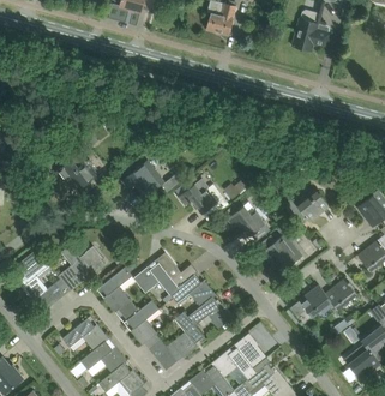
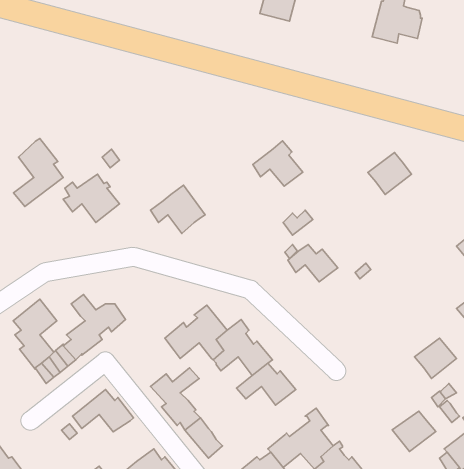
building: none -> [14,139,63,207]
building: [178,179,216,214] -> [253,141,303,186]
building: [295,191,329,223] -> [368,152,412,194]
building: [260,234,302,269] -> none
building: [100,268,133,316] -> none
building: [297,286,331,317] -> [392,411,436,452]
building: [166,312,203,361] -> none
building: [79,342,126,373] -> none

